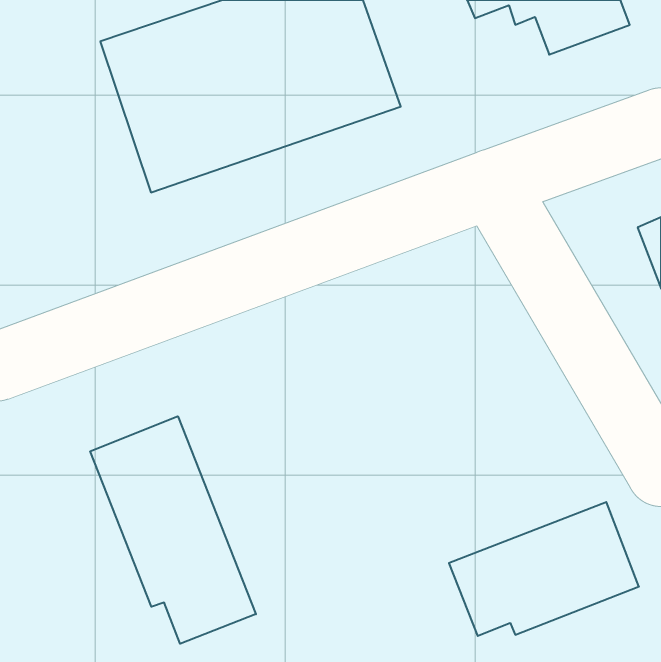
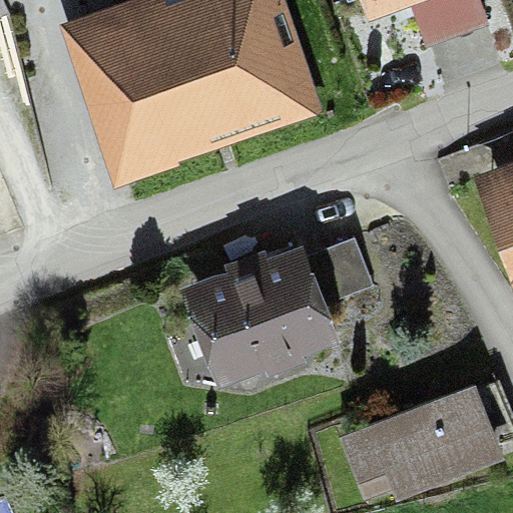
building: none -> [196,235,373,373]
building: [90,416,256,644] -> none

